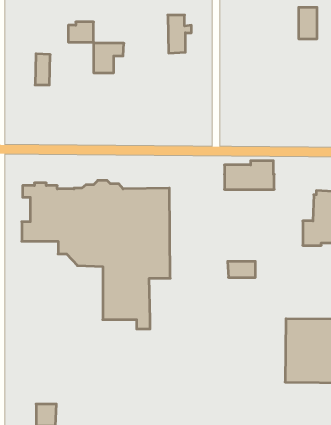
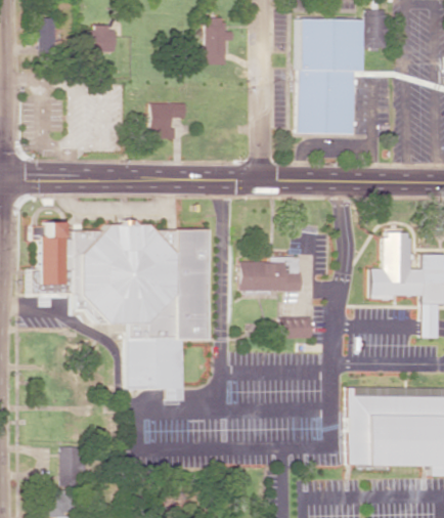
building: none -> [296,19,359,134]
building: [94,43,124,73] -> [149,103,186,139]
building: [35,54,50,85] -> [38,18,56,56]
building: [224,161,274,189] -> [238,257,299,292]
building: none -> [60,447,78,487]

